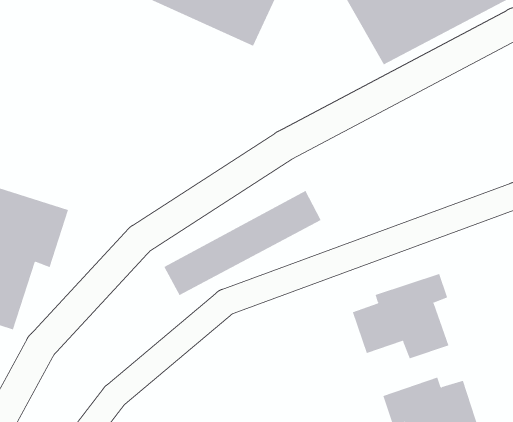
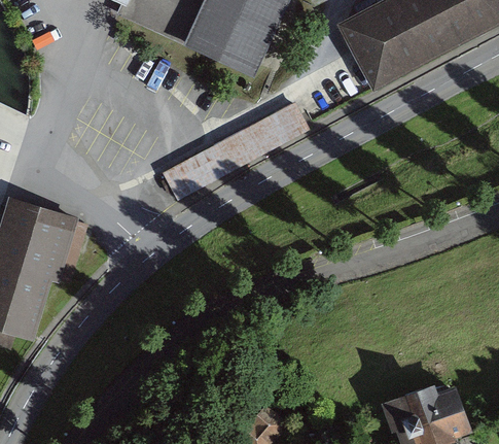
building: [164,190,321,296] -> [166,100,312,198]
building: [352,273,449,359] -> none

